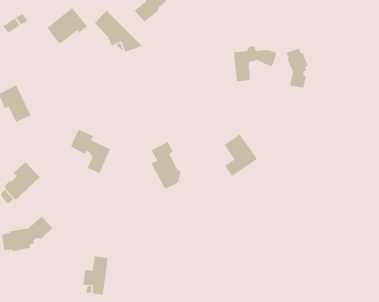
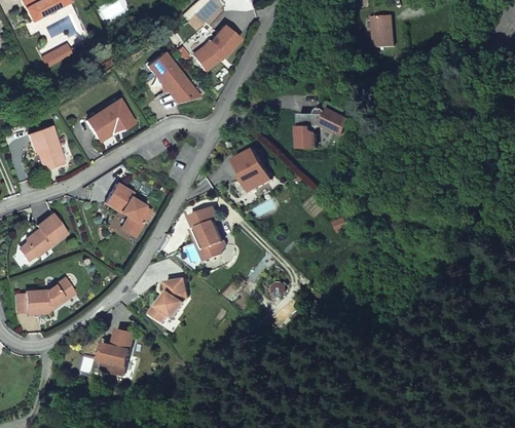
building: [46,7,88,45] -> [85,100,133,141]
building: [286,48,308,88] -> none
building: [224,133,258,177] -> [234,149,273,197]
building: none -> [152,278,190,322]

